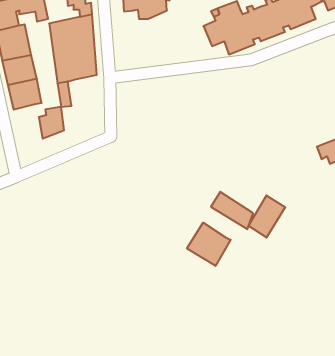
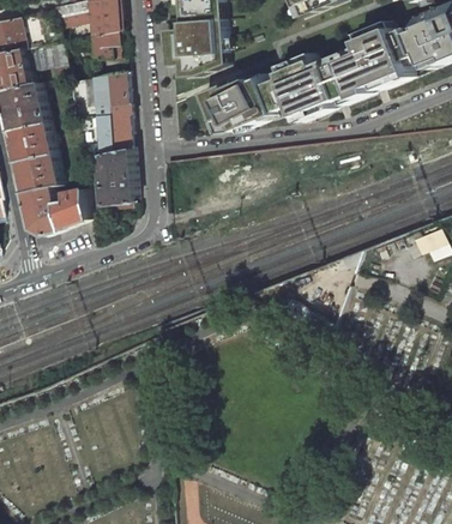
building: none -> [204,74,281,131]
building: none -> [104,145,137,201]
building: none -> [26,182,64,233]
building: [249,195,285,238] -> none
building: [187,223,231,266] -> none

